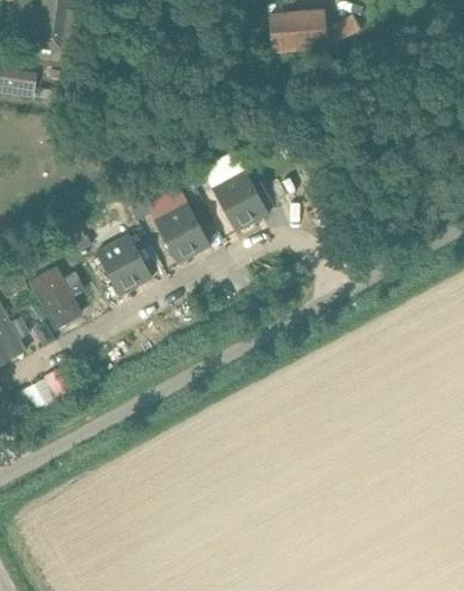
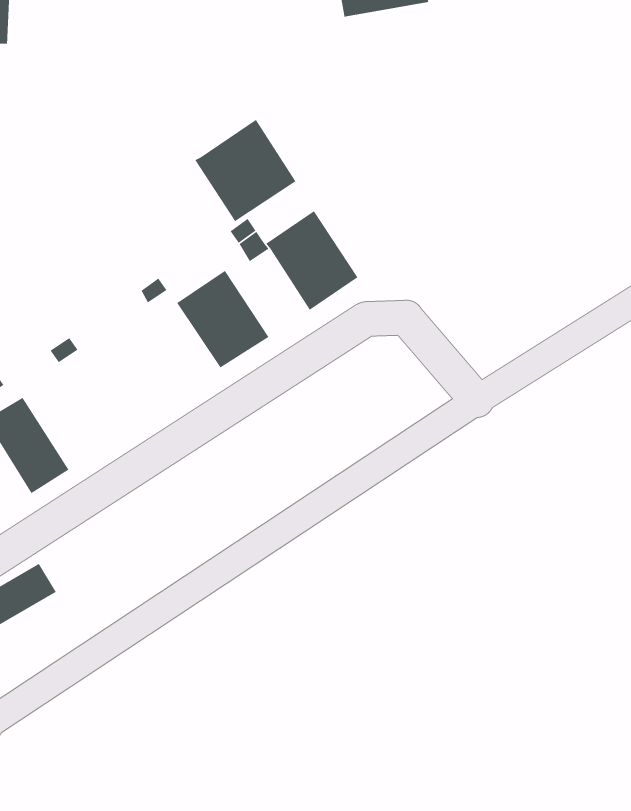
building: none -> [194,119,297,222]
building: [97,232,153,293] -> none

